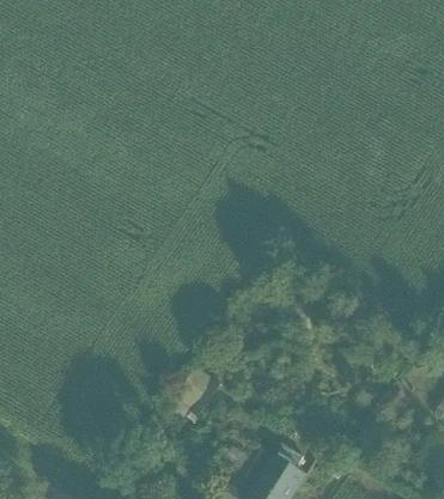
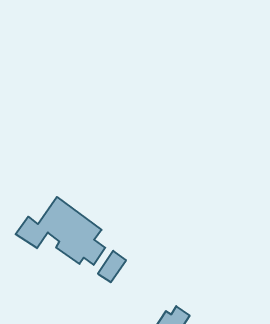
building: none -> [16,197,105,265]

